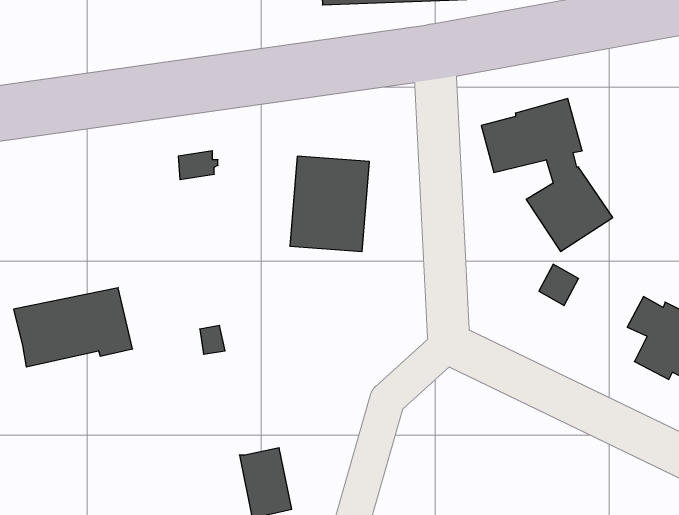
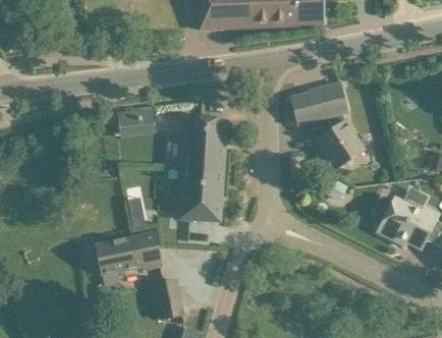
building: none -> [179,166,223,220]
building: [14,288,133,367] -> [95,231,162,276]

